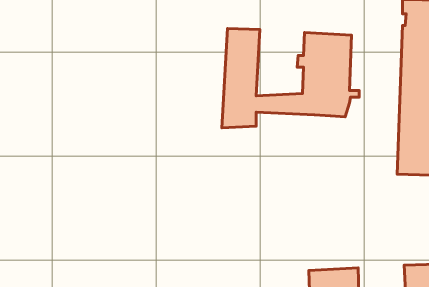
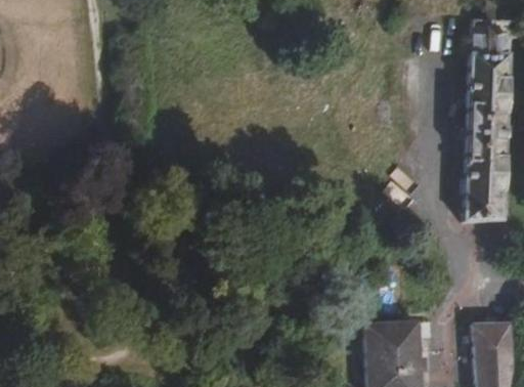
building: [222,29,359,128] -> none

